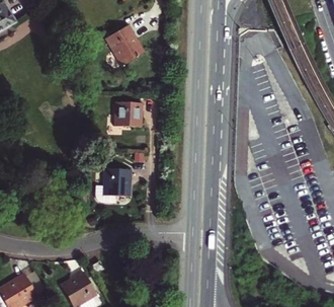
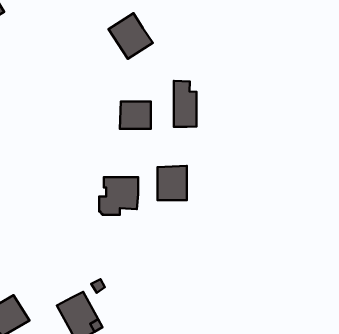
building: none -> [174,81,197,127]
building: none -> [158,166,187,200]

